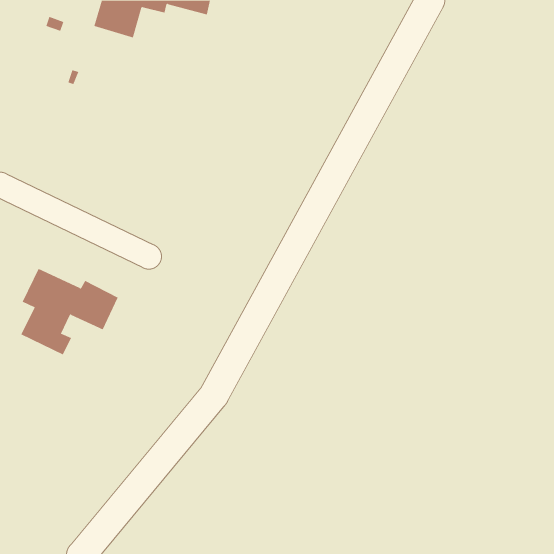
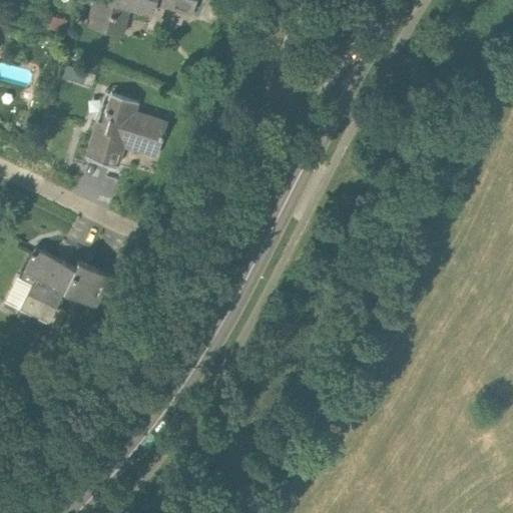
building: none -> [86,94,167,165]

